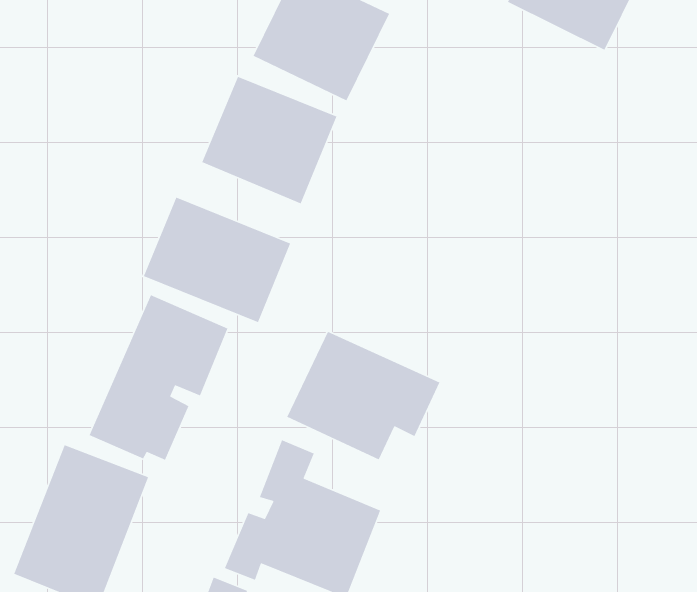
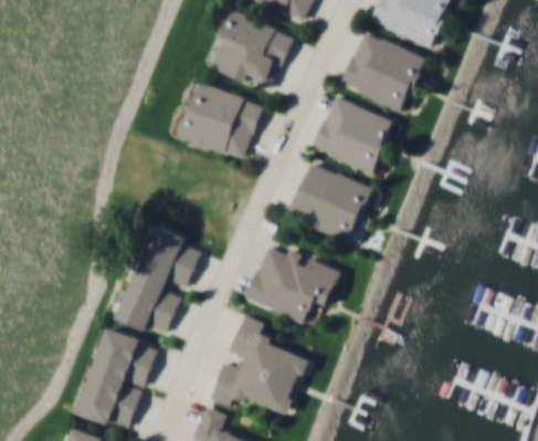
building: none -> [339,30,428,113]
building: none -> [312,95,394,175]
building: [143,196,291,323] -> none
building: none -> [287,161,378,245]

